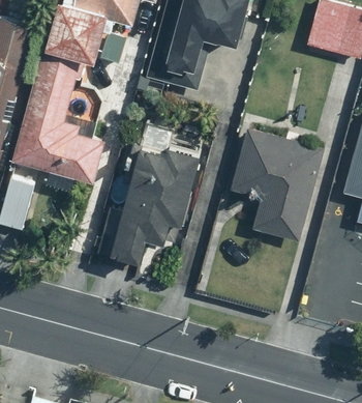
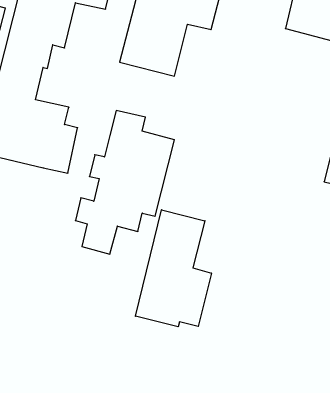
building: [225,127,324,243] -> none
building: none -> [135,210,211,327]

